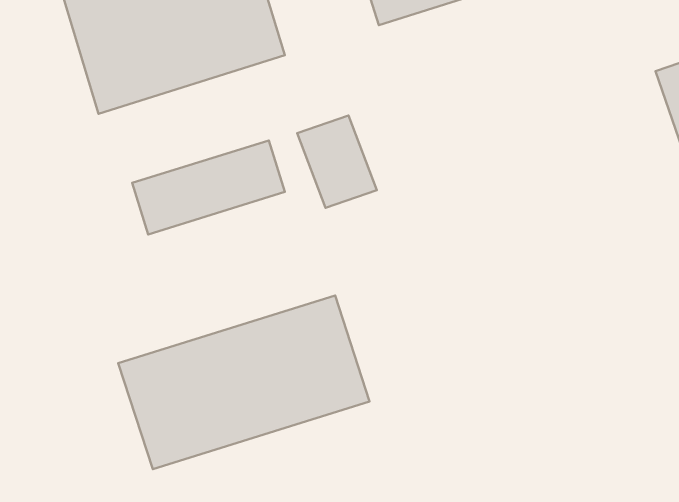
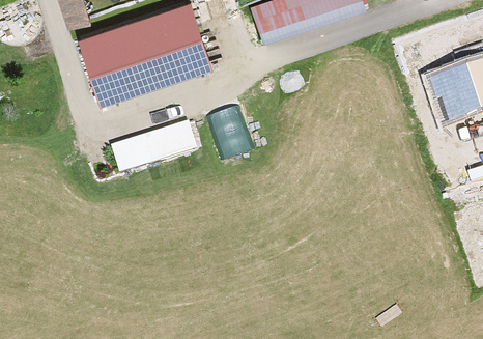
building: [118,295,370,469] -> none

